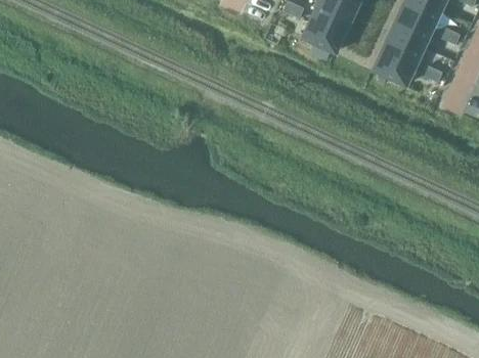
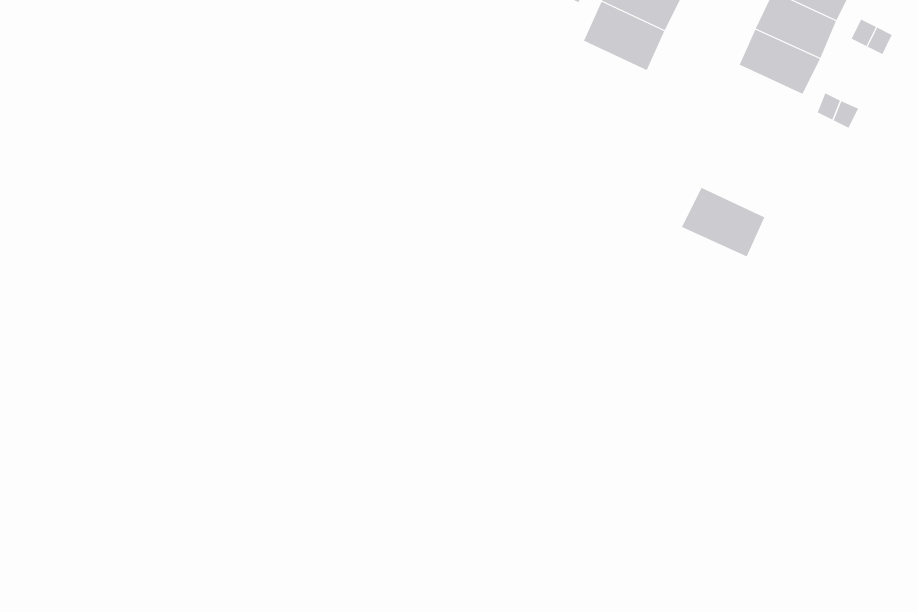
building: [372,51,415,87] -> [681,187,765,257]

